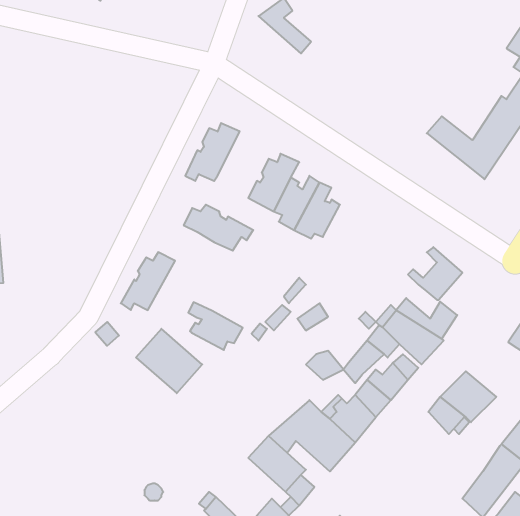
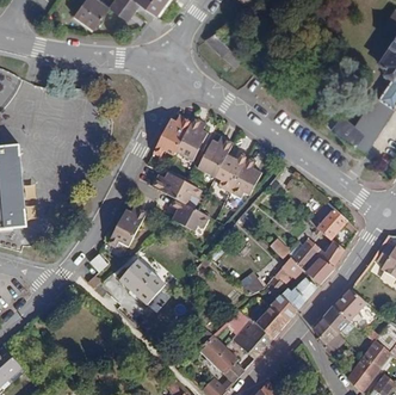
building: none -> [175,117,208,160]
building: [188,302,243,350] -> [169,198,208,232]
building: none -> [313,317,344,354]

